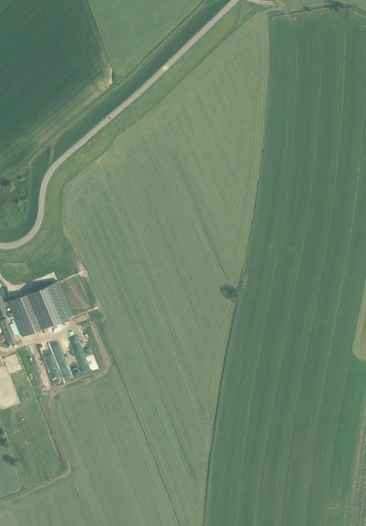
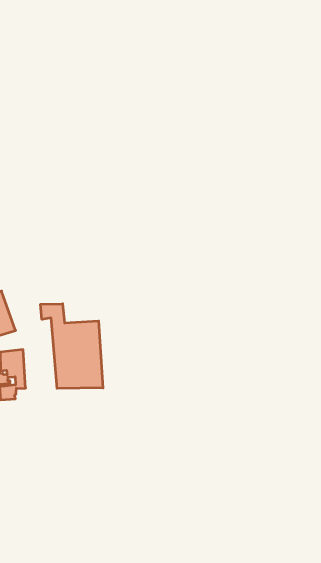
building: none -> [41,304,103,388]

